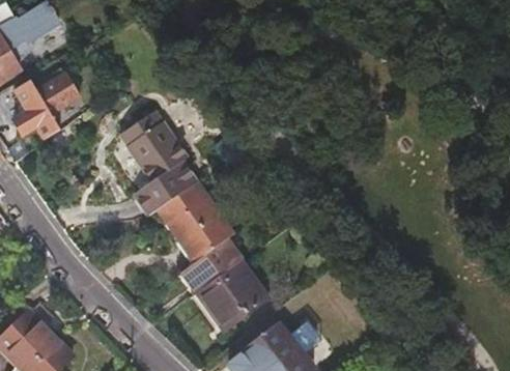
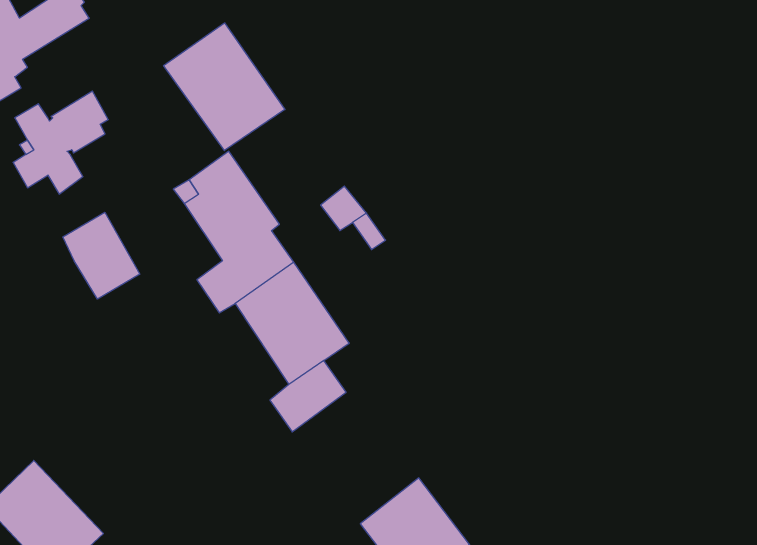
building: none -> [164,23,285,151]
building: none -> [63,212,140,299]
building: [196,261,270,333] -> none

